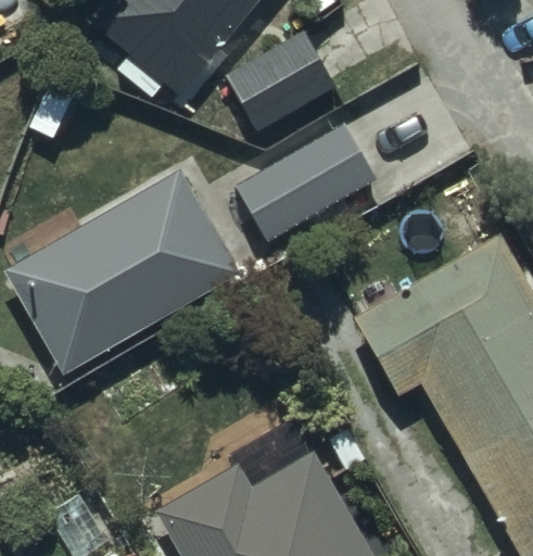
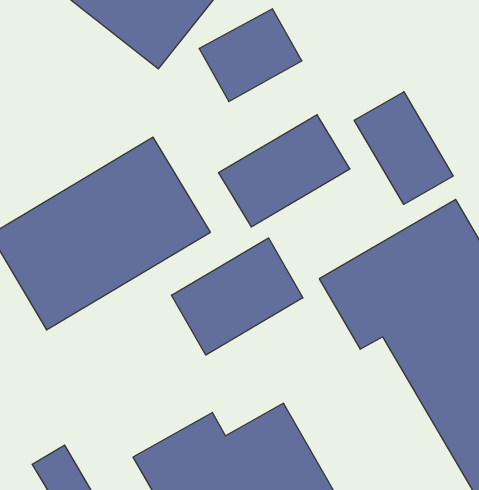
building: none -> [354,92,453,204]
building: none -> [171,238,303,355]

